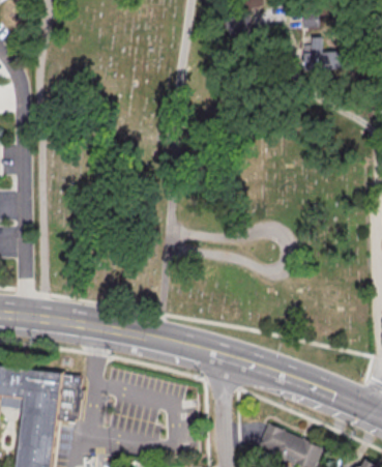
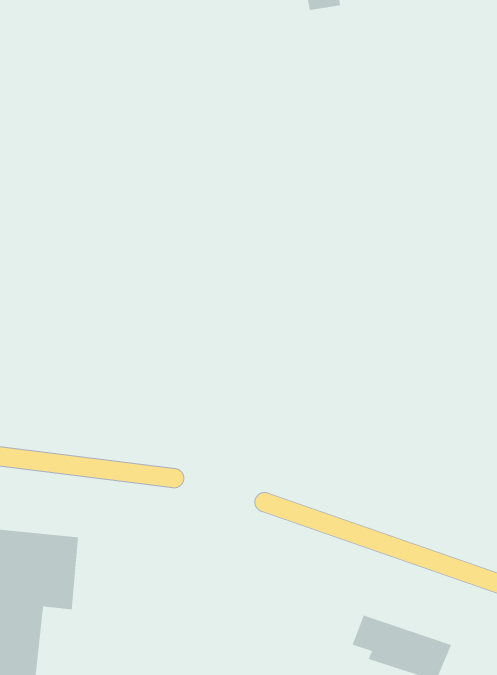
building: [303,37,348,70] -> none

